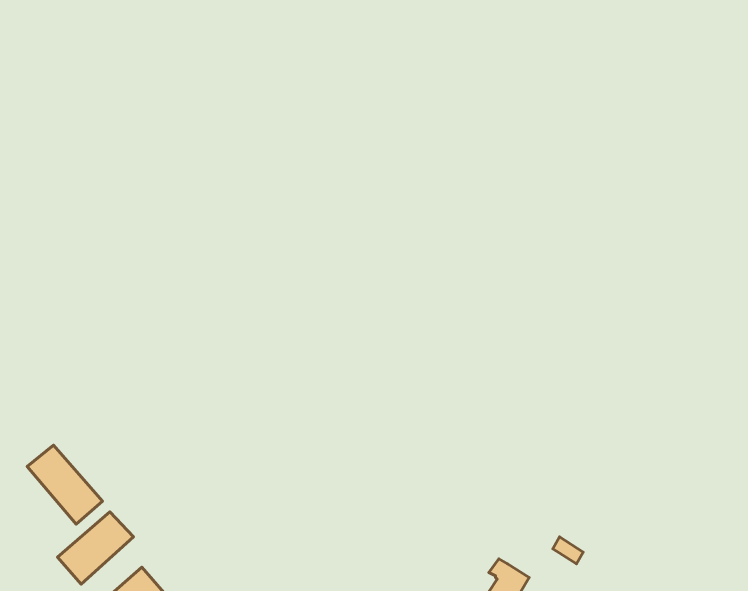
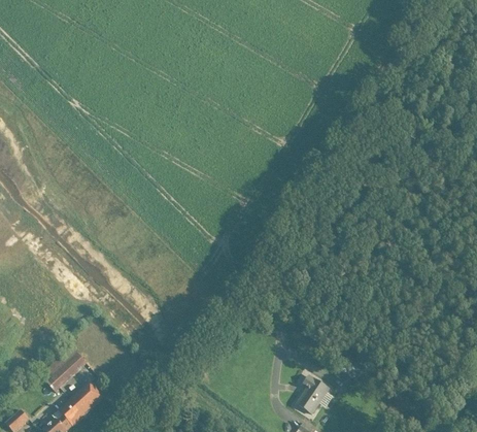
building: [27,445,103,524] -> none

